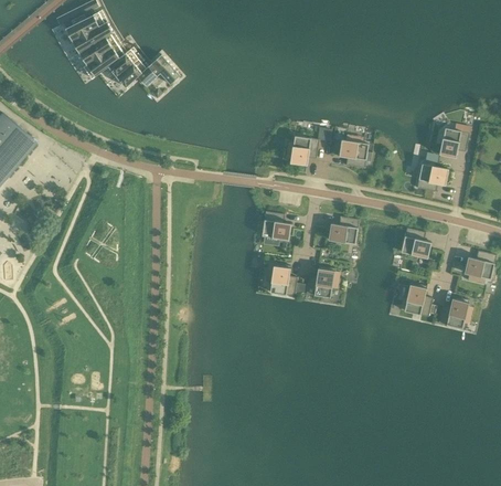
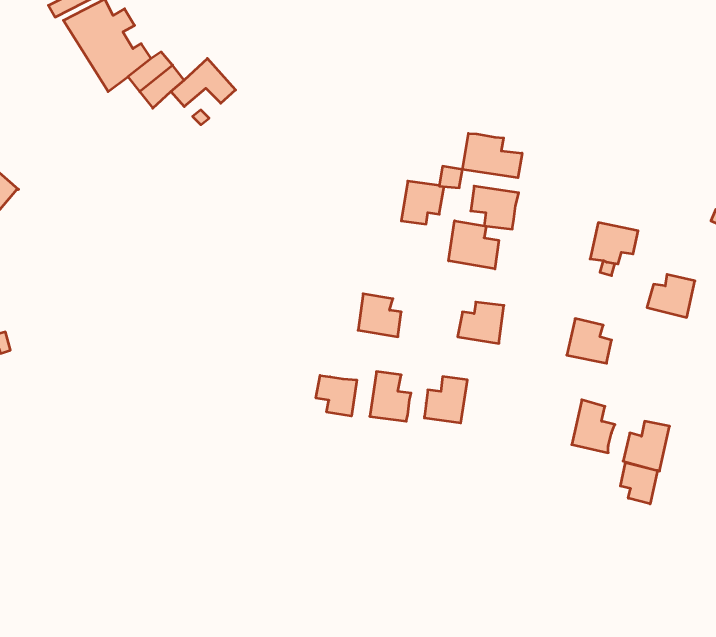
building: none -> [462,133,522,178]
building: [439,128,469,157] -> none
building: none -> [449,221,499,269]
building: [463,251,495,279] -> [647,274,695,317]
building: none -> [316,375,357,416]
building: none -> [620,462,657,504]

